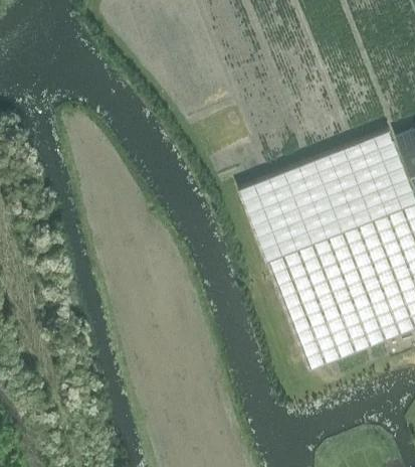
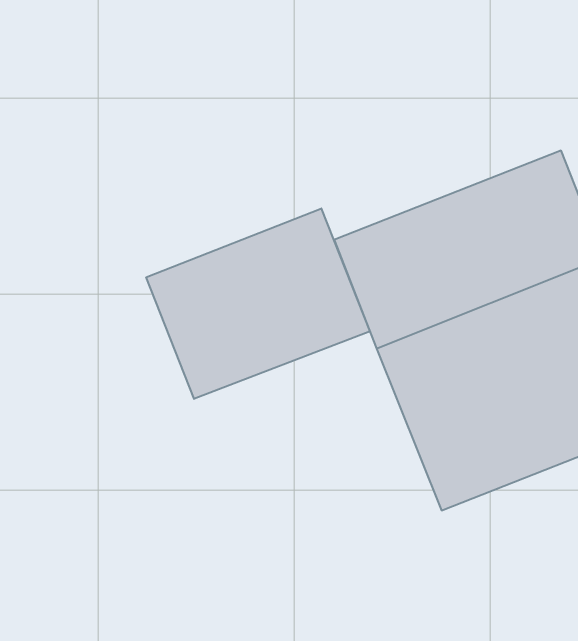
building: none -> [146,208,370,399]

